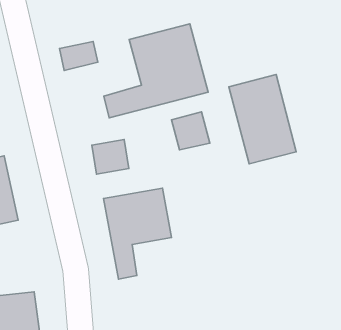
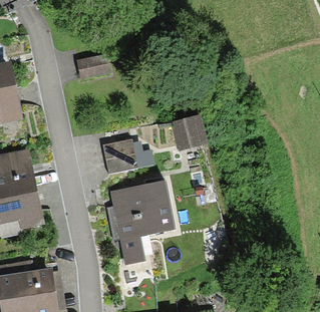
building: [104,24,208,118] -> none
building: [229,75,296,164] -> none

